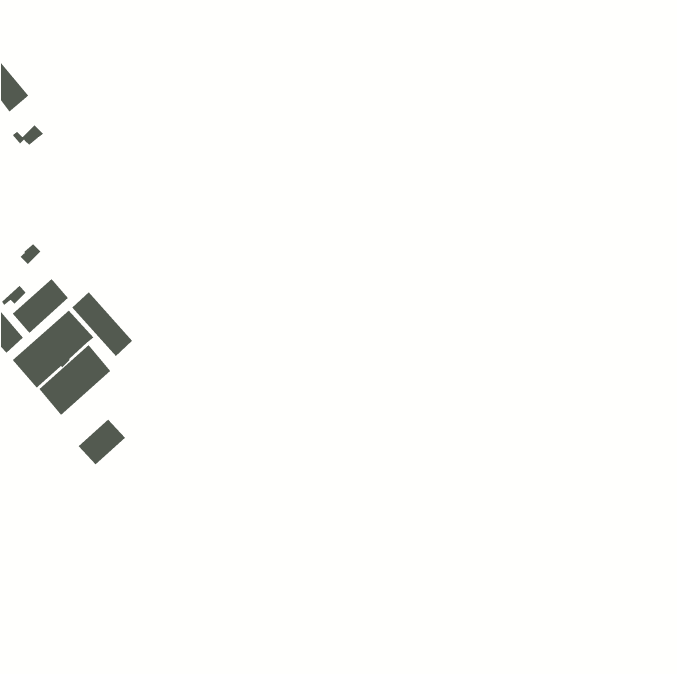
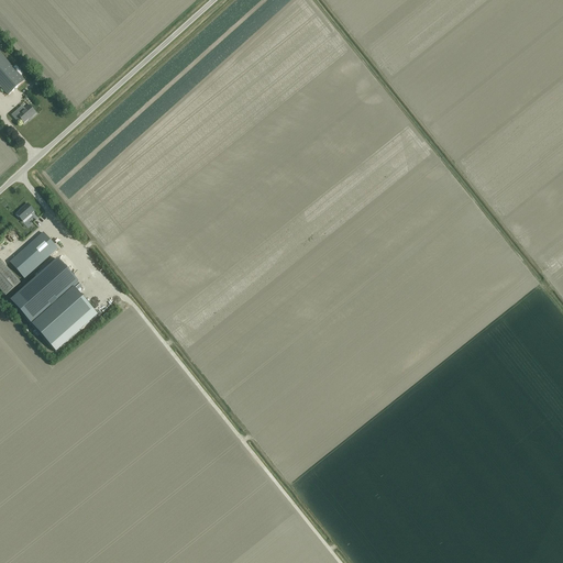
building: [72,291,133,357] -> none
building: [78,419,126,465] -> none

